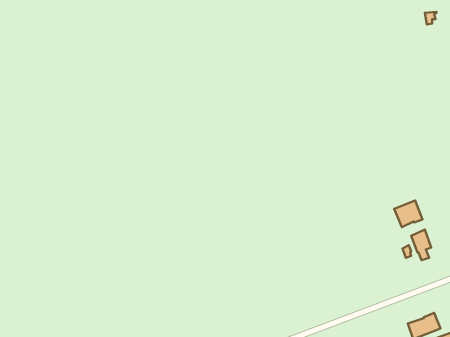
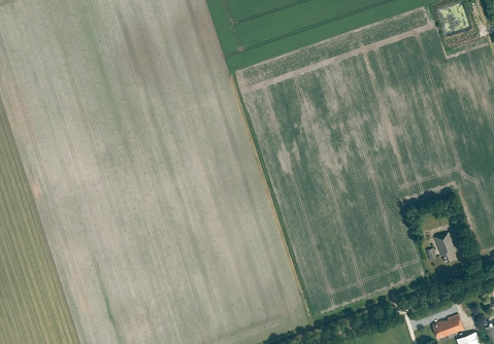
building: [394,200,422,227] -> none

